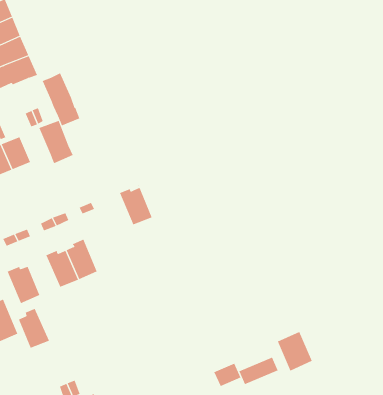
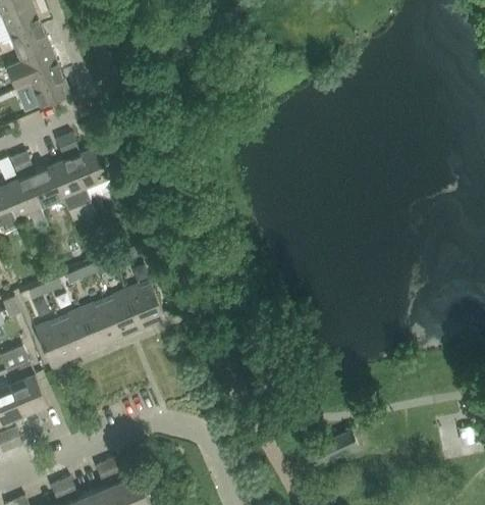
building: [42,72,80,126] -> [48,157,94,221]
building: [119,184,153,225] -> [124,280,164,329]
building: [18,308,50,348] -> [58,309,96,357]
building: [277,331,312,371] -> none
building: [214,363,241,387] -> none

